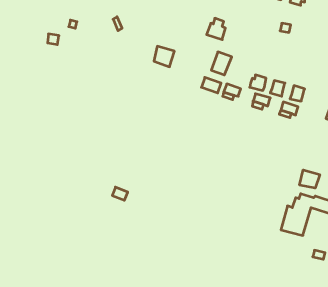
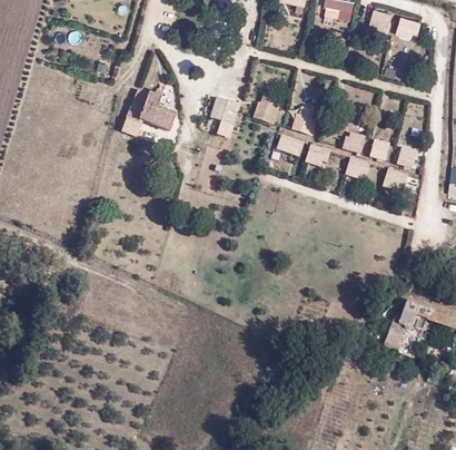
building: [207,18,225,40] -> [252,97,278,126]
building: none -> [123,87,175,133]
building: [300,170,320,188] -> none

